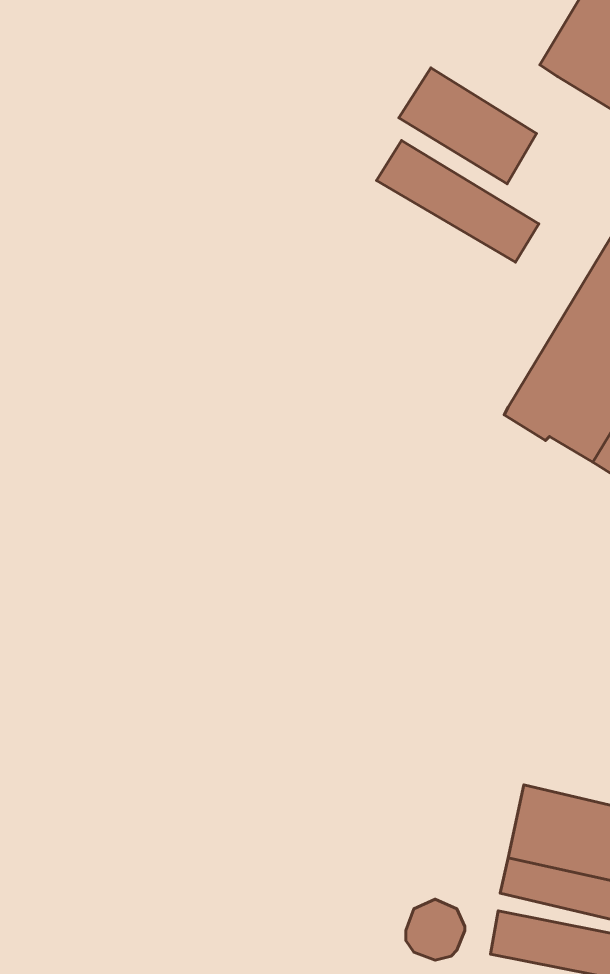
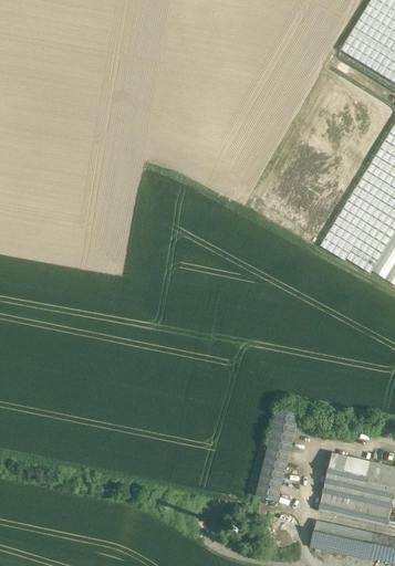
building: [399,68,537,184] -> none
building: [377,140,539,262] -> none
building: none -> [256,409,298,501]

